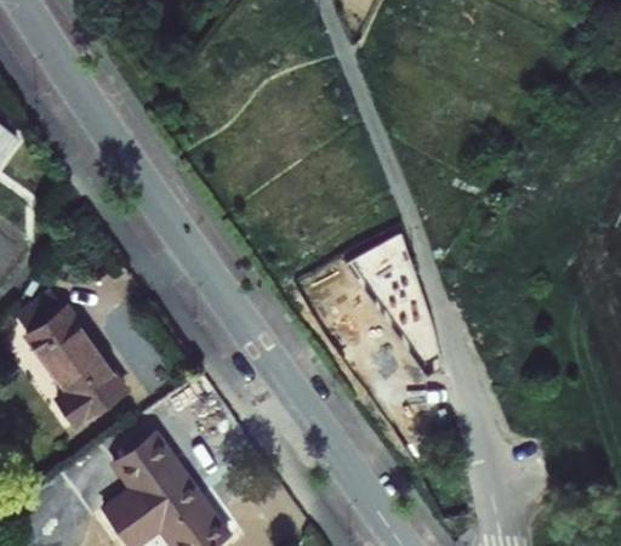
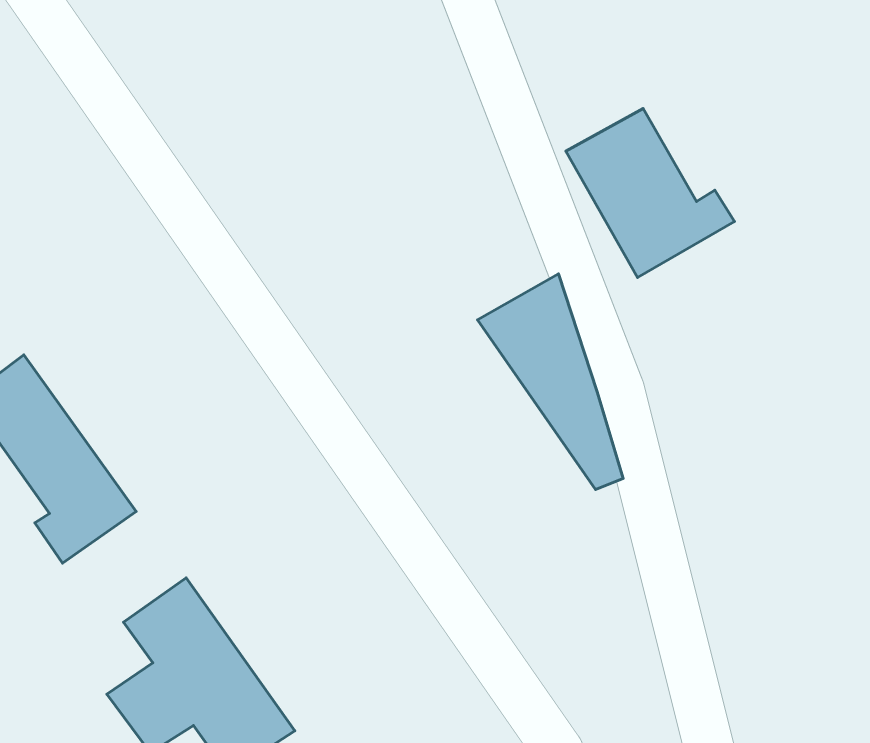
building: none -> [566,108,734,278]

